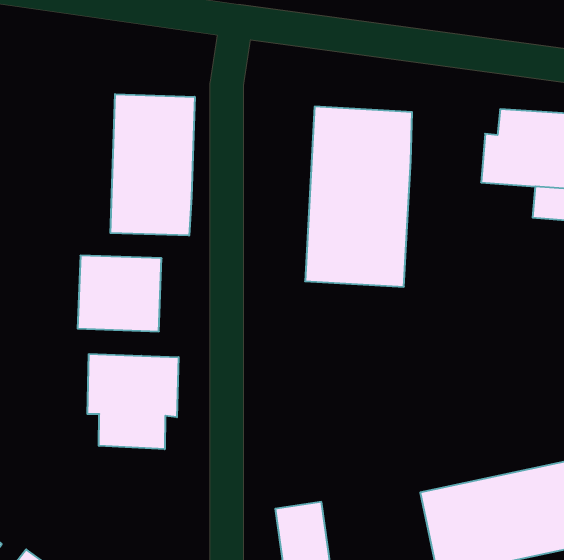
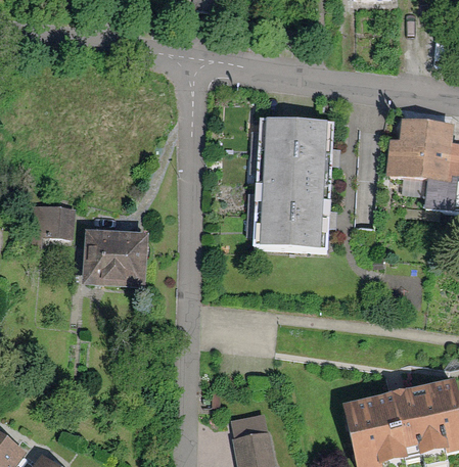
building: [110,94,195,236] -> none
building: none -> [28,202,67,235]
building: [87,354,179,449] -> none

